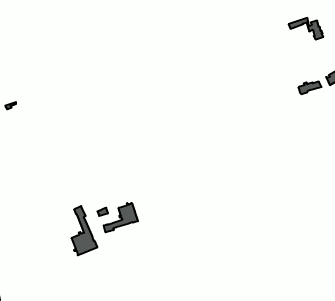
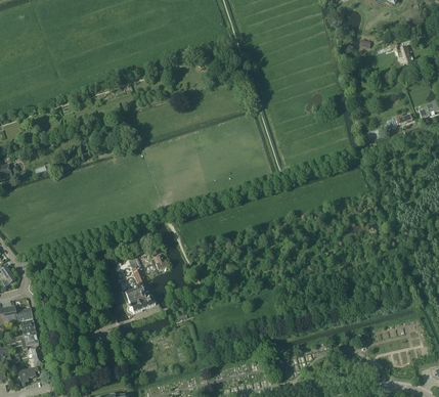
building: [104,203,138,232] -> none

